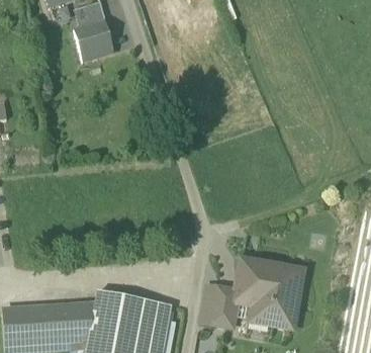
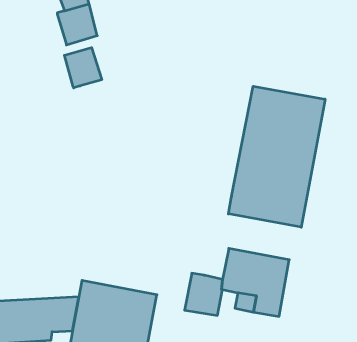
building: none -> [64,48,102,88]
building: none -> [228,86,325,227]

